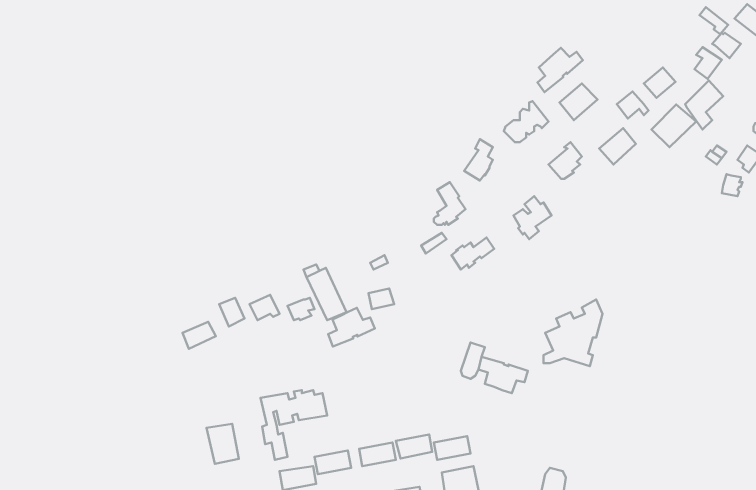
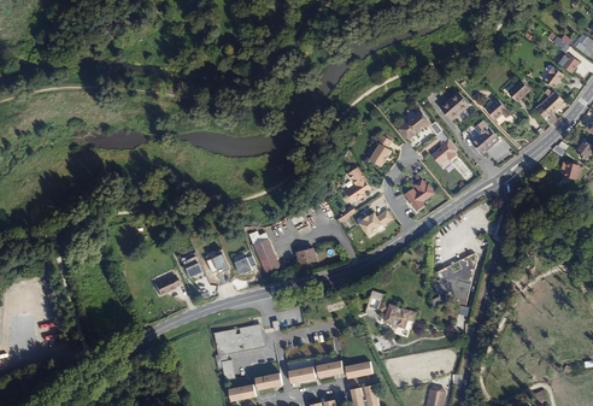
building: [537,48,583,92] -> none
building: [652,105,696,147] -> none
building: [328,308,375,347] -> none
building: [206,424,239,464] -> none

